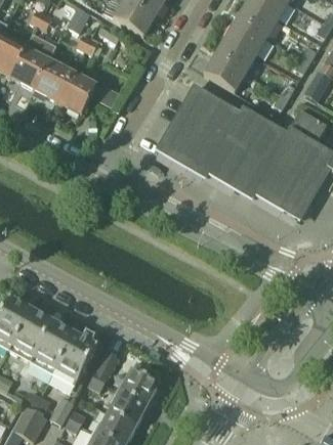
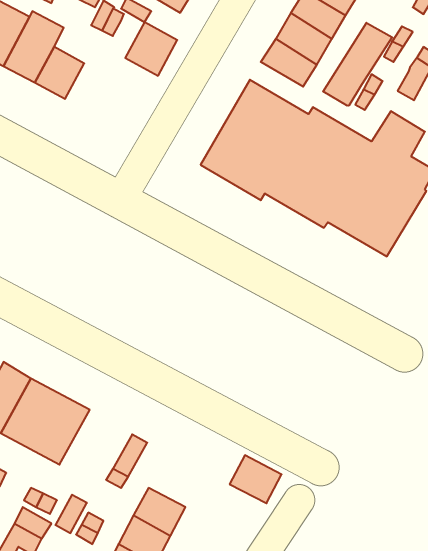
building: none -> [323,23,392,106]
building: [56,74,95,114] -> [125,22,177,76]
building: [52,332,96,385] -> none
building: [119,369,158,405] -> [230,455,282,503]

